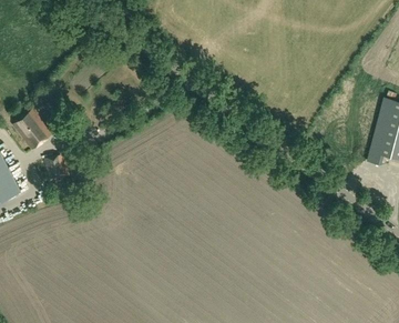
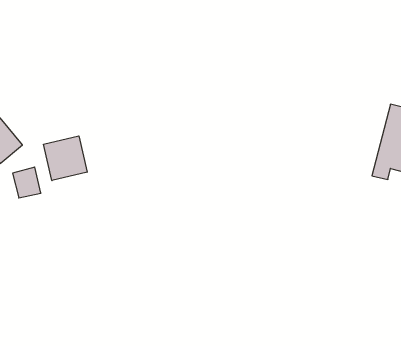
building: none -> [44,136,87,181]

